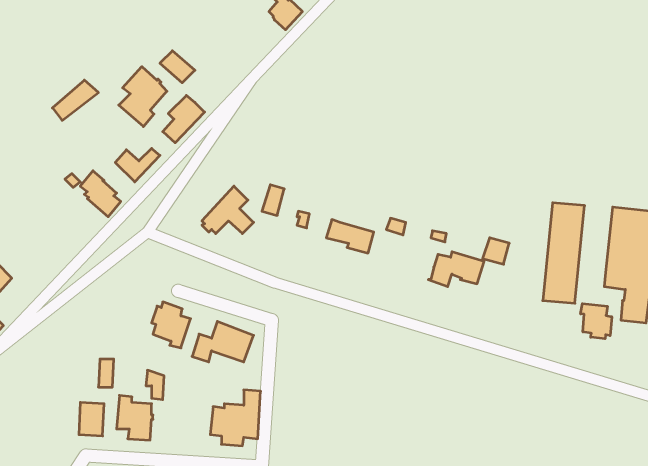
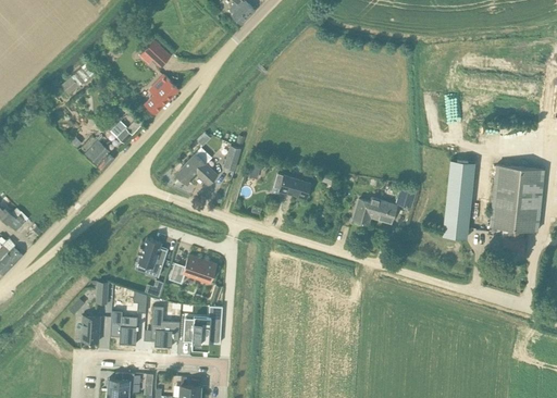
building: [119,67,167,127] -> none
building: [581,304,612,339] -> none
building: none -> [150,307,180,348]

